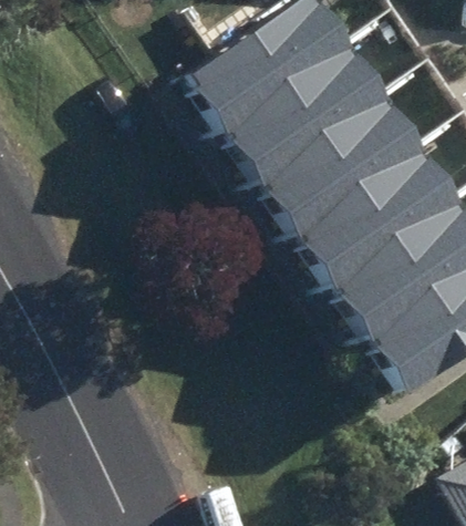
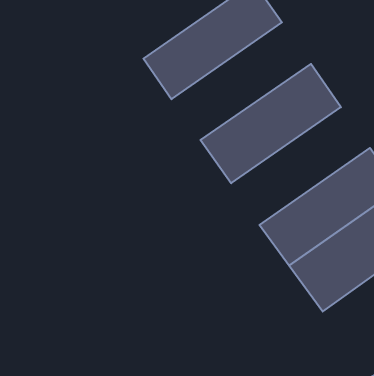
building: [217,37,387,181] -> none
building: [290,141,459,285] -> none

